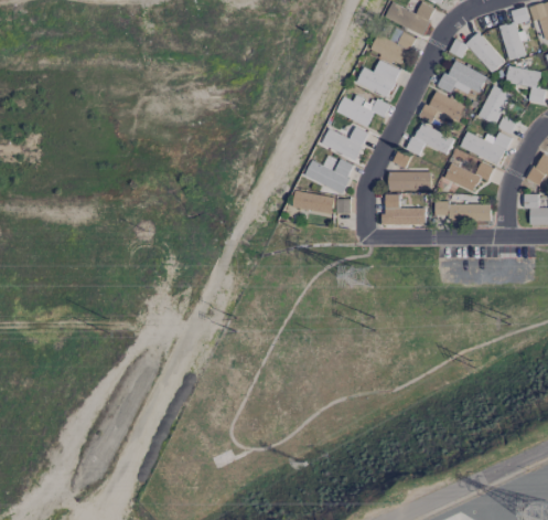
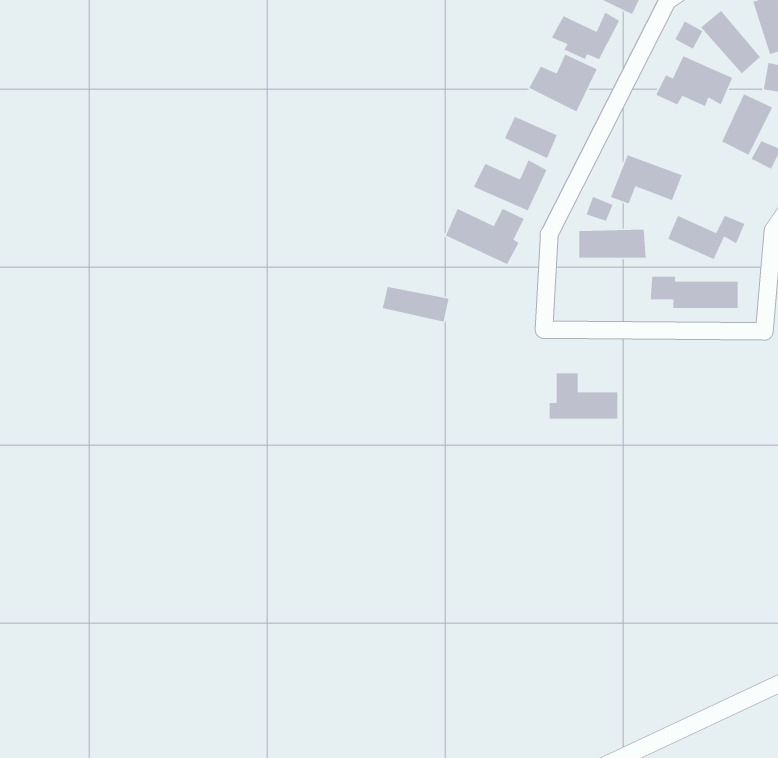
building: [422,89,465,125] -> none
building: [460,131,509,163] -> none
building: [292,190,335,213] -> [382,286,450,322]
building: [380,195,425,225] -> [549,372,618,419]

